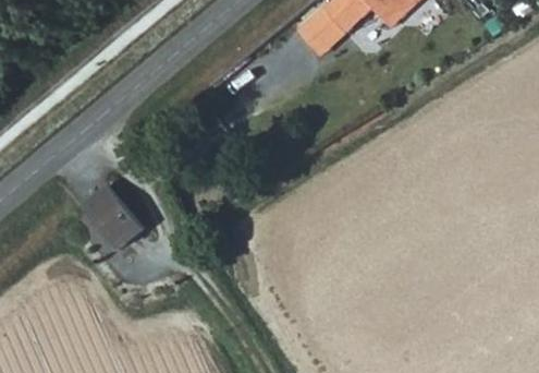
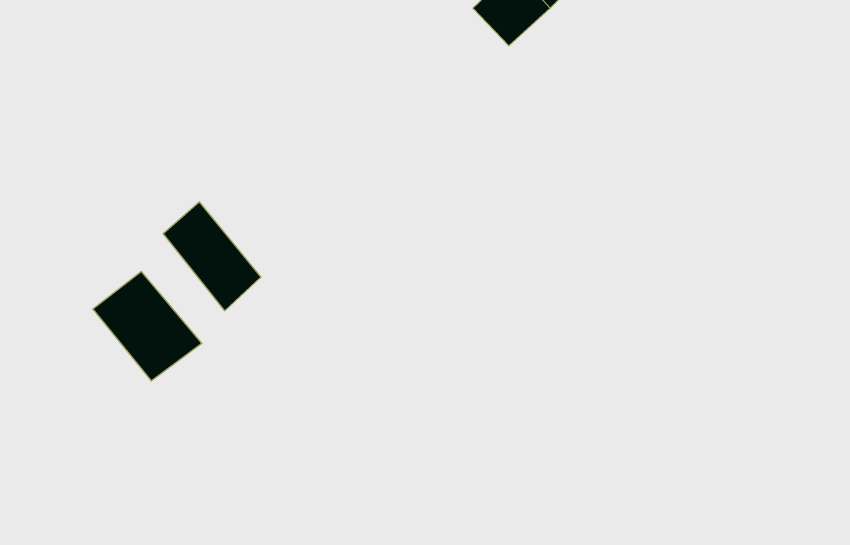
building: none -> [163,202,261,311]

